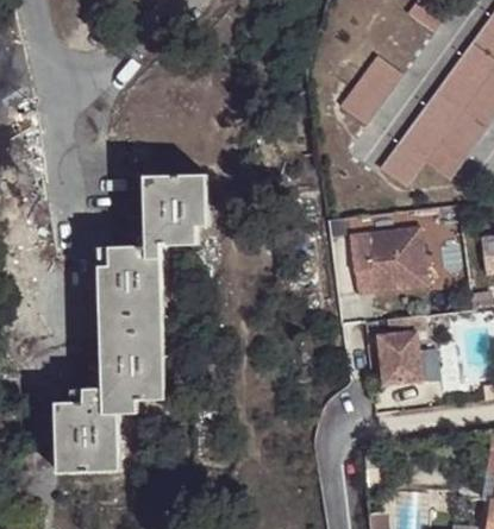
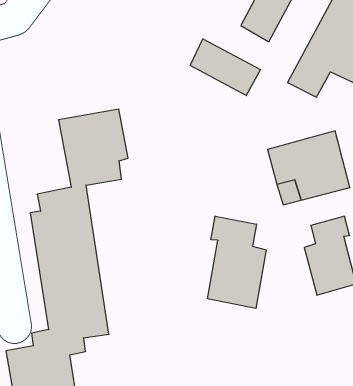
building: none -> [190,39,261,96]
building: none -> [208,216,266,308]

